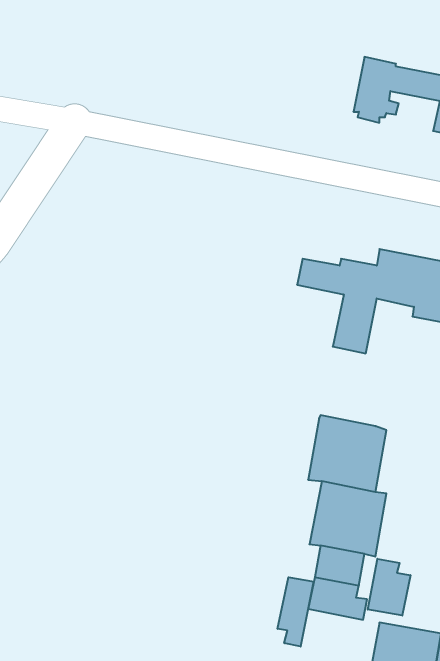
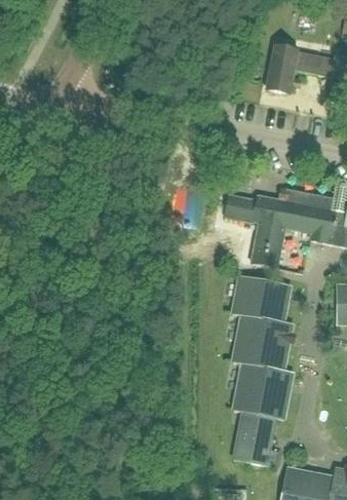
building: none -> [232,276,288,321]
building: [368,559,410,616] -> none
building: [278,577,314,647] -> none

